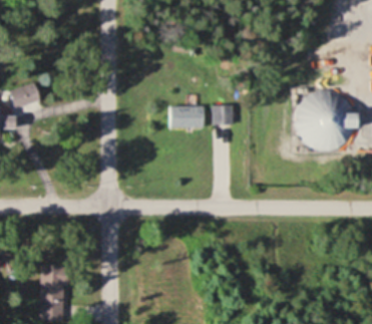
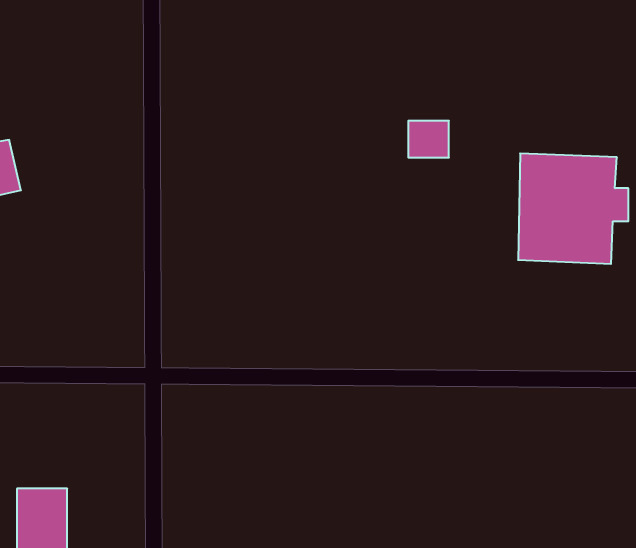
building: [212,104,233,123] -> [408,121,449,158]
building: [169,105,204,127] -> none

